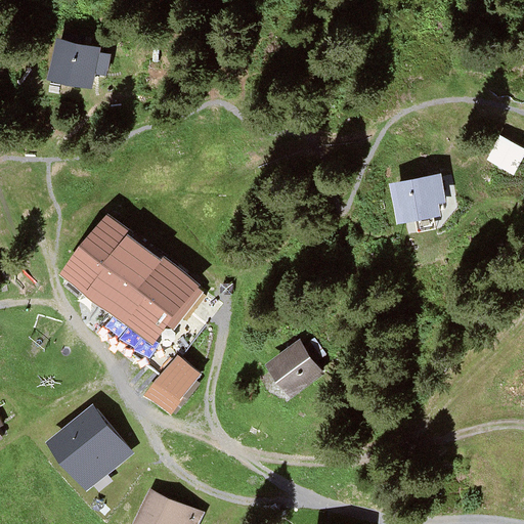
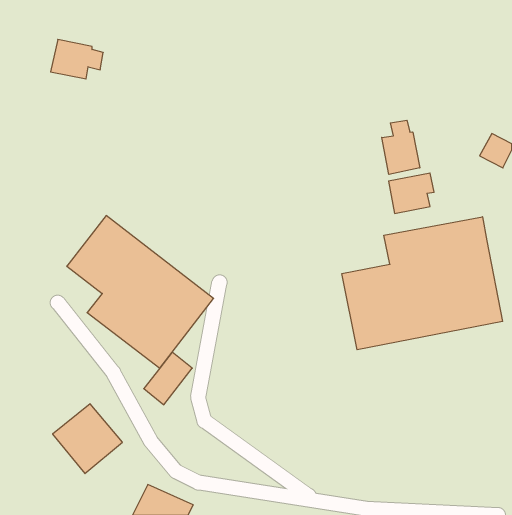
building: none -> [382,120,420,174]
building: none -> [342,217,503,350]
building: [270,342,316,389] -> none

